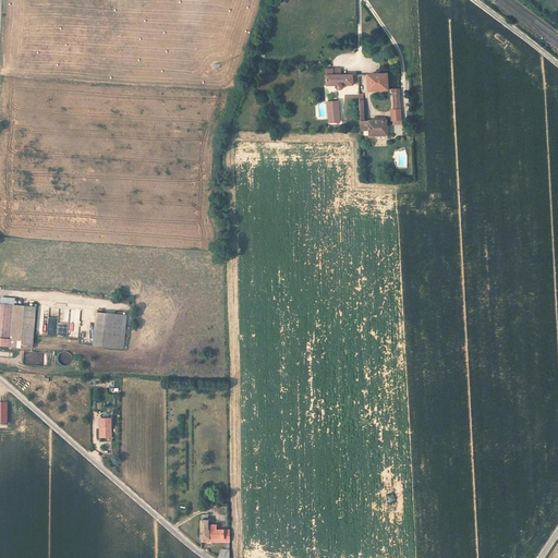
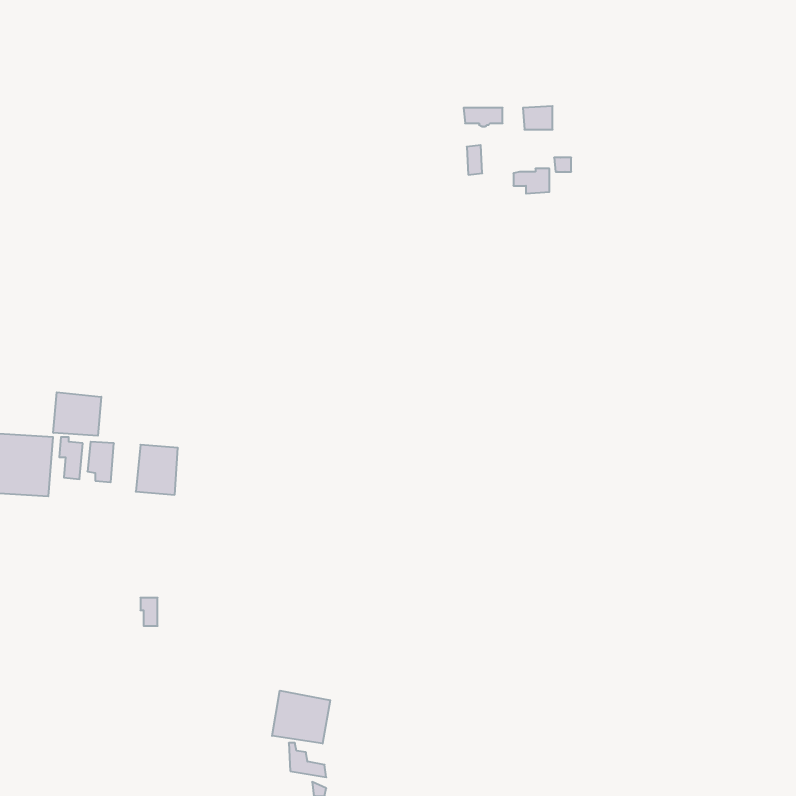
building: none -> [53,392,101,436]
building: none -> [272,691,330,744]

